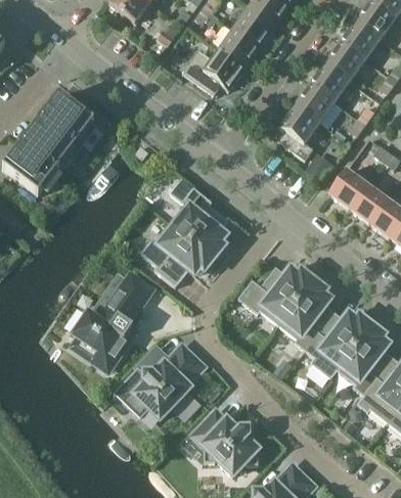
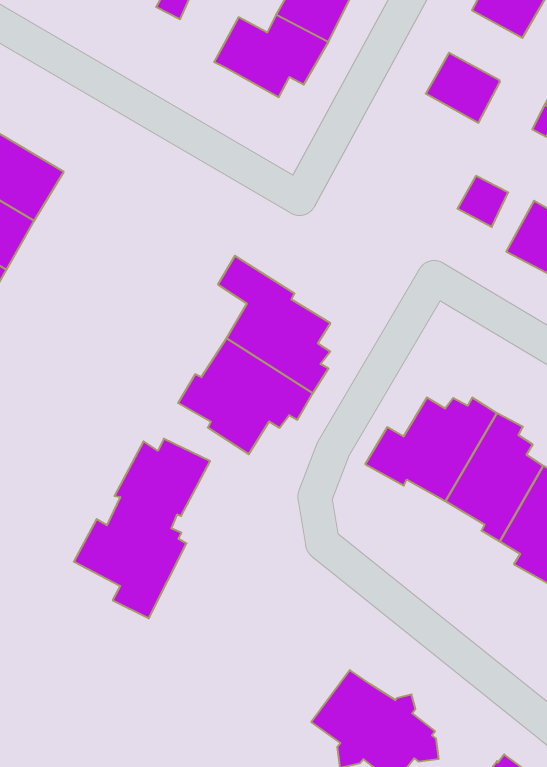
building: [312,59,353,99] -> none
building: [281,101,323,156] -> none
building: [134,343,205,416] -> none

